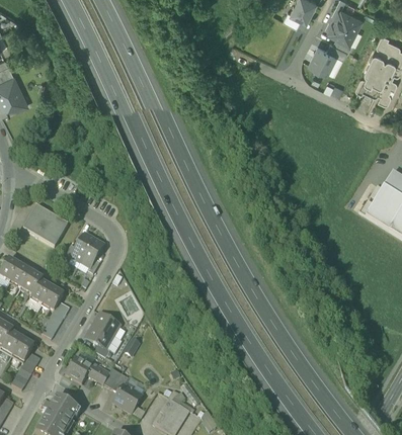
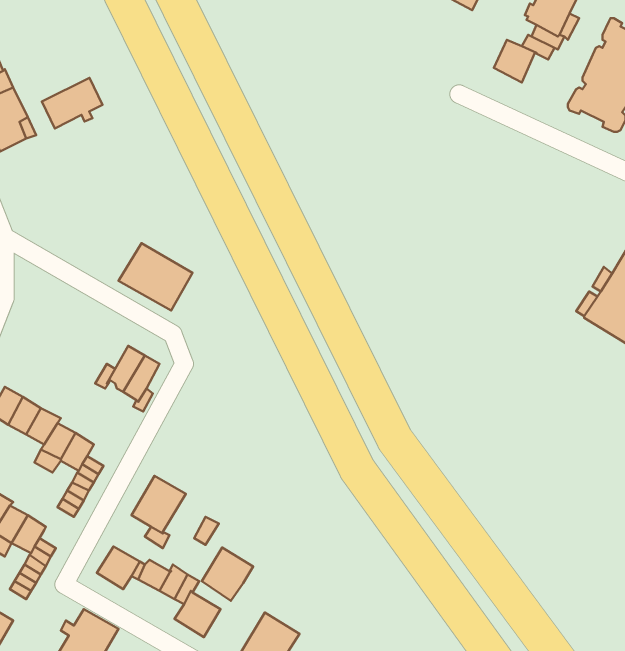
building: none -> [42,78,103,128]
building: [23,203,69,245] -> [118,243,193,311]
building: none -> [202,547,253,601]

